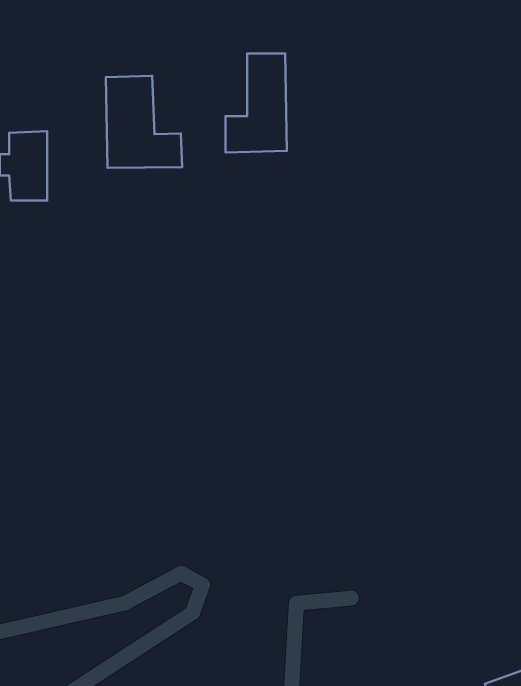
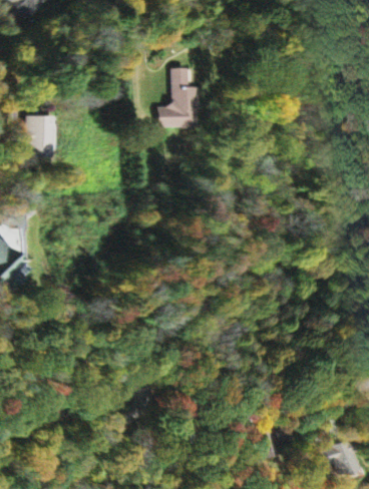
building: [106,76,182,168] -> none

